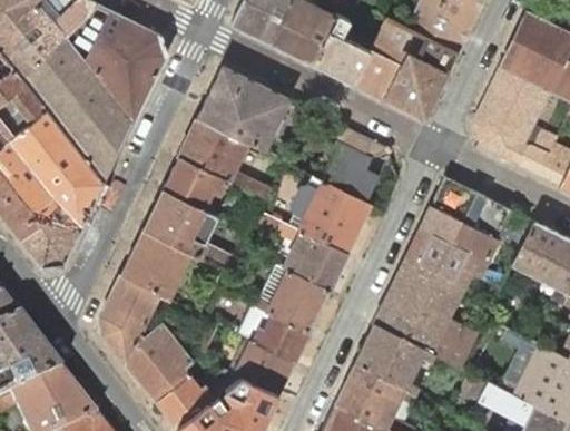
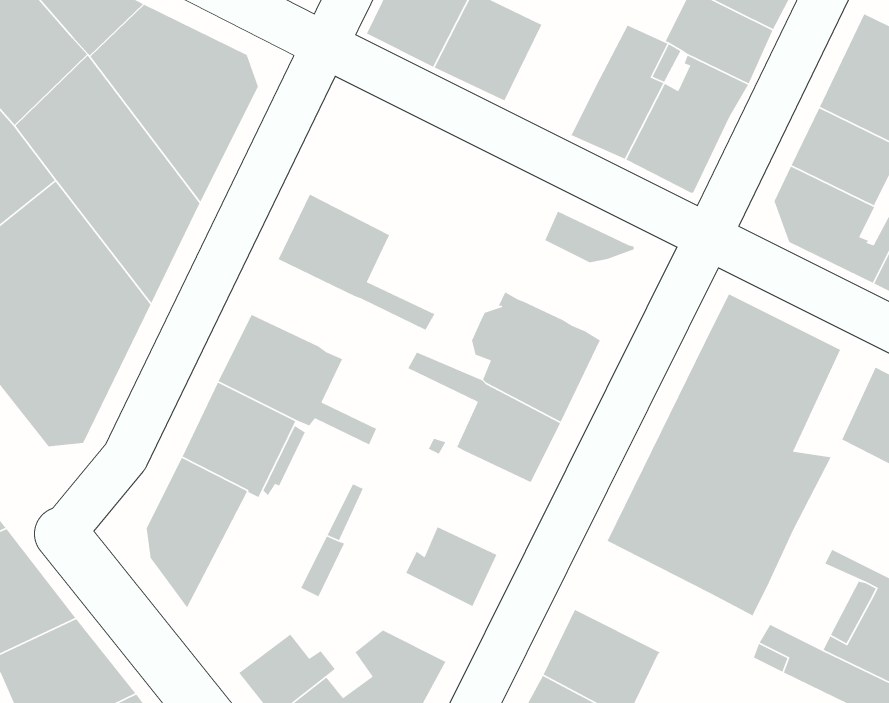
building: [313,16,368,84] -> none
building: [197,67,289,151] -> none
building: [324,147,373,199] -> none
building: [163,157,224,208] -> none
building: [258,271,328,332] -> none
building: [125,324,189,402] -> none
building: [354,324,434,395] -> none
building: [236,342,294,395] -> none

